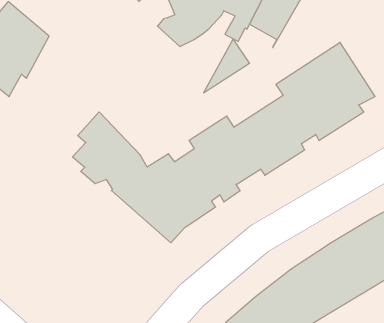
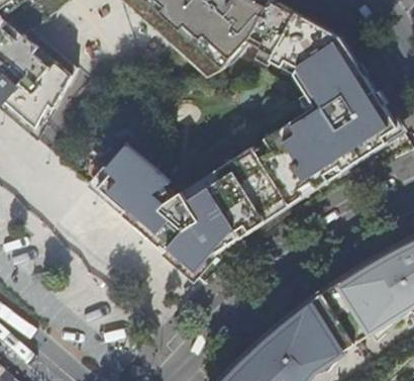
building: [204,39,250,93] -> [312,37,357,91]

